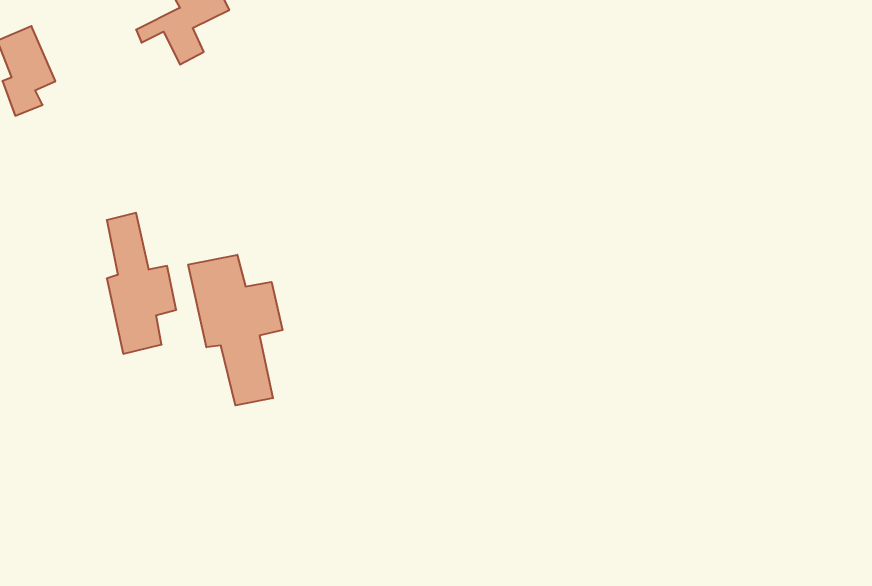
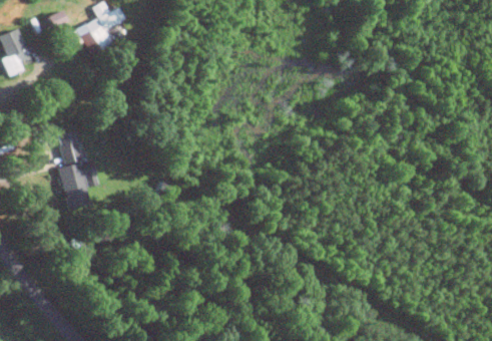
building: [188,255,283,405] -> none

